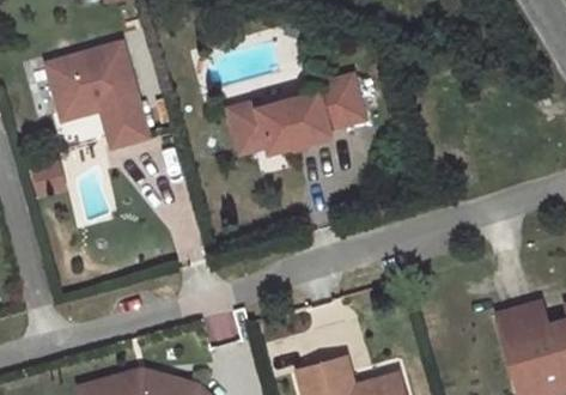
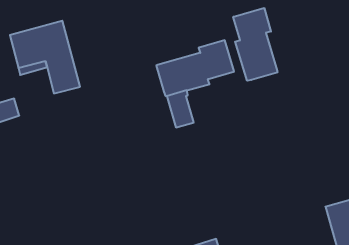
building: none -> [233,8,277,81]
building: [229,103,267,156] -> [167,90,194,127]

